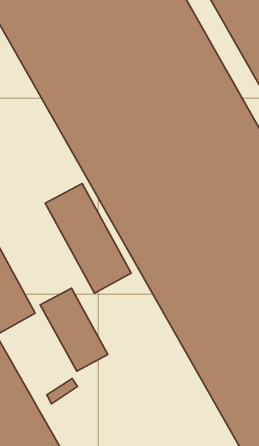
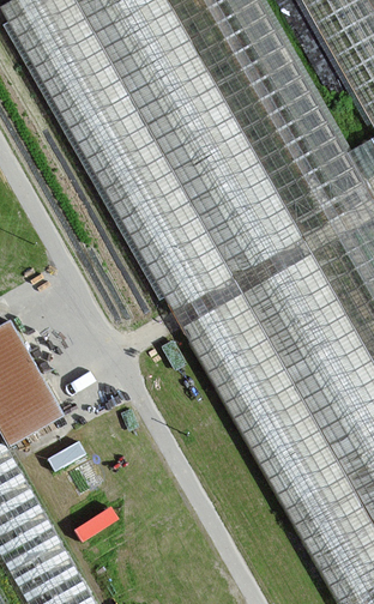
building: [45,183,131,293] -> none
building: [40,288,108,371] -> none

